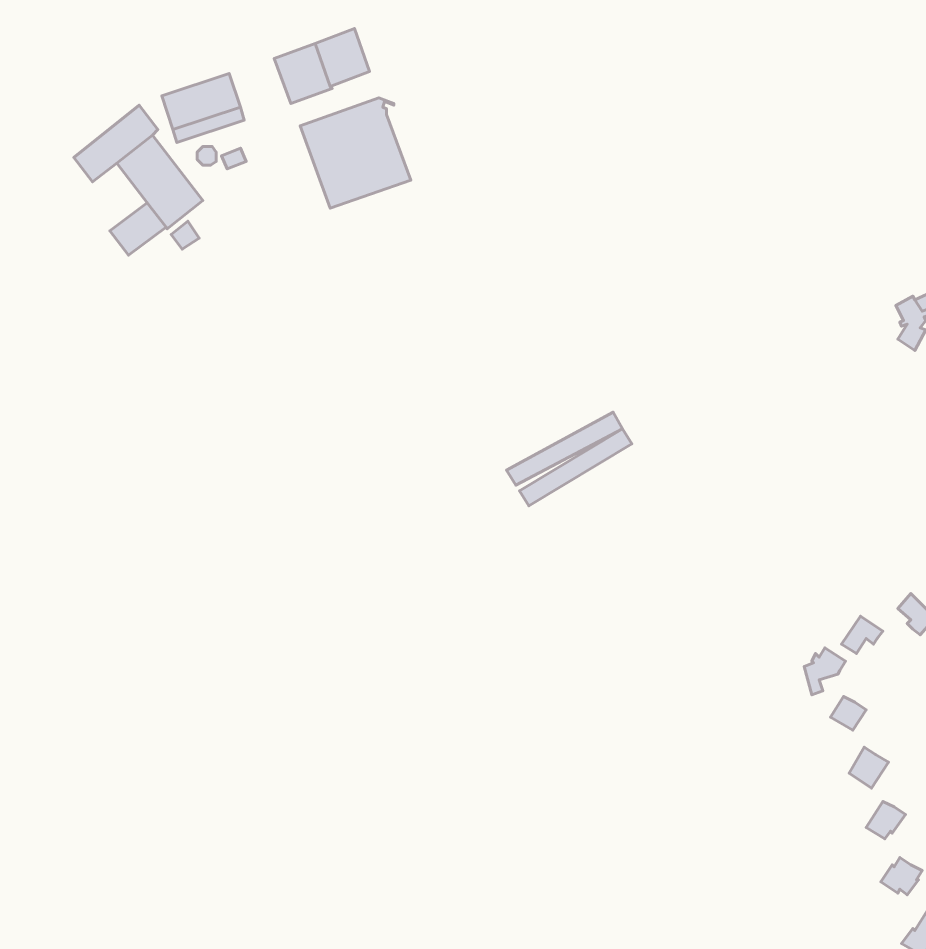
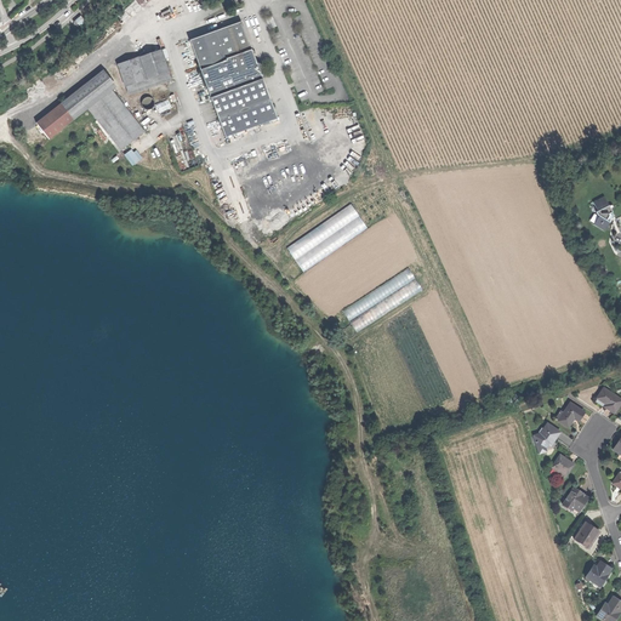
building: none -> [200,49,257,84]
building: [110,203,166,255] -> [35,104,72,138]
building: none -> [285,205,366,268]

